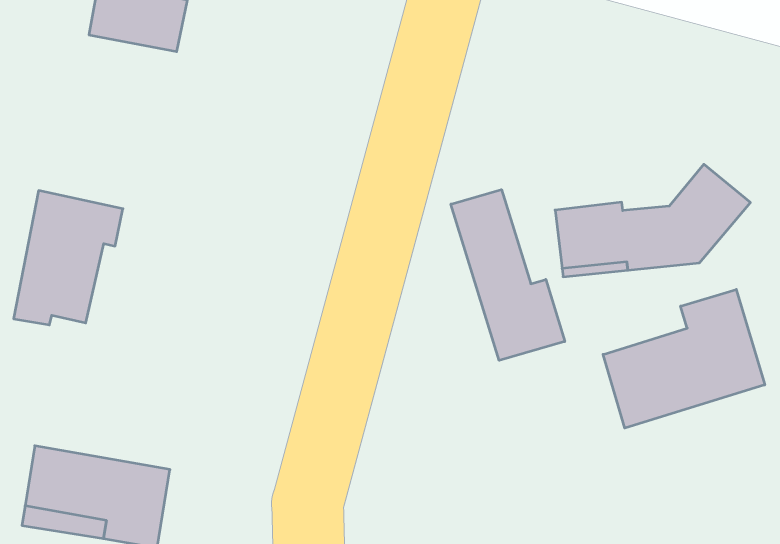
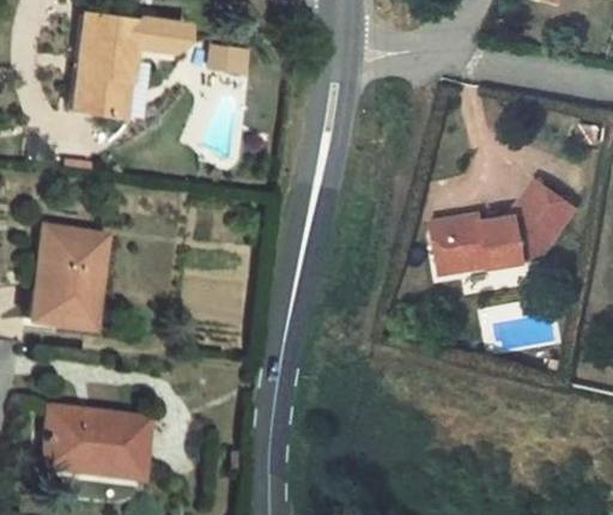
building: [451,190,565,360] -> none
building: [603,289,765,428] -> none

